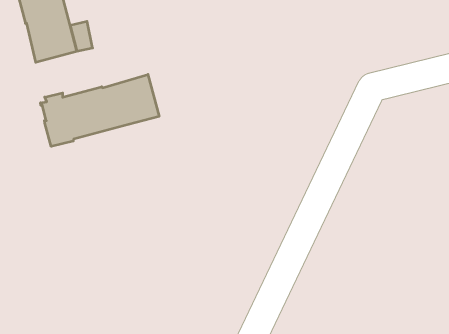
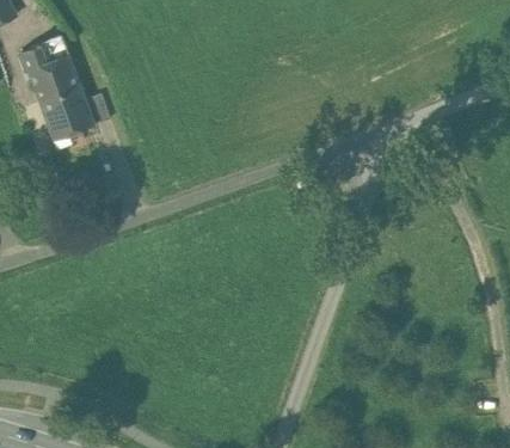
building: [41,74,159,146] -> none

